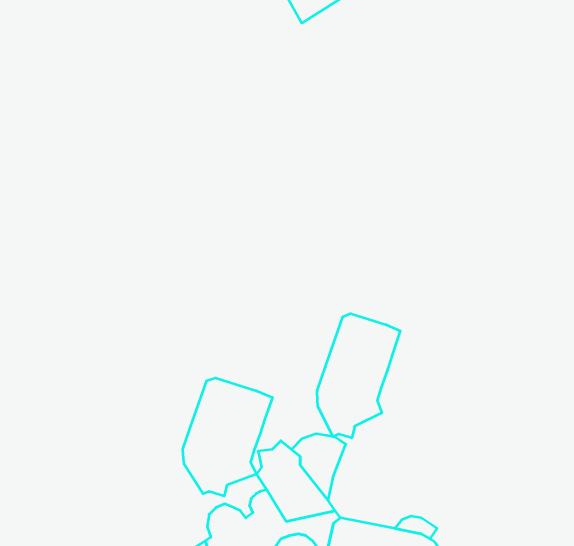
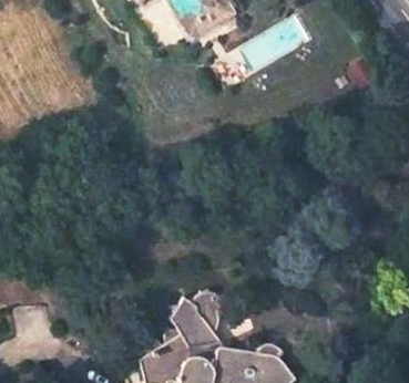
building: [317,314,400,438] -> none
building: [183,378,272,496] -> none

